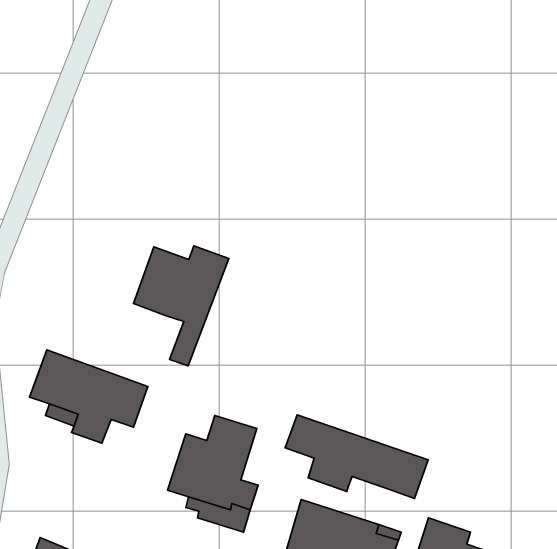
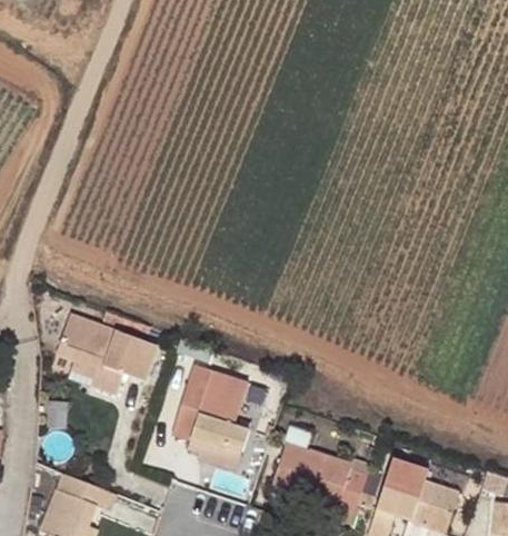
building: [134,246,229,366] -> none
building: [285,415,428,498] -> none

